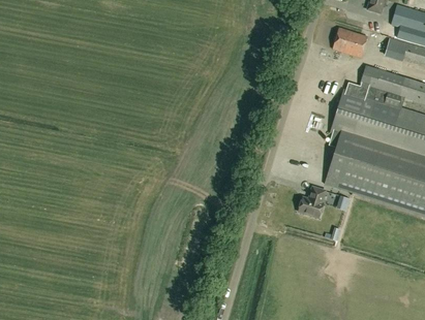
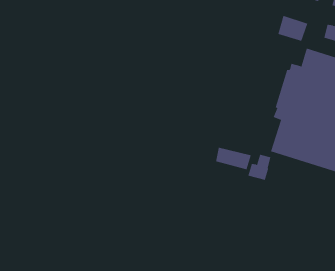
building: none -> [215,147,251,170]

